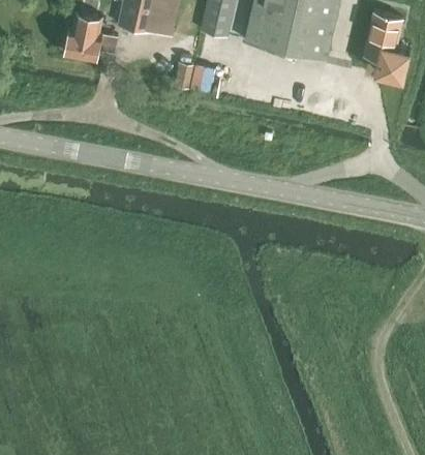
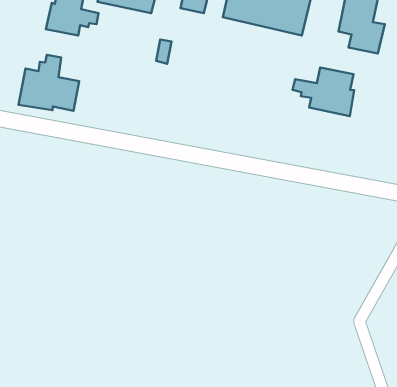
building: none -> [18,55,79,111]
building: none -> [293,67,354,116]

